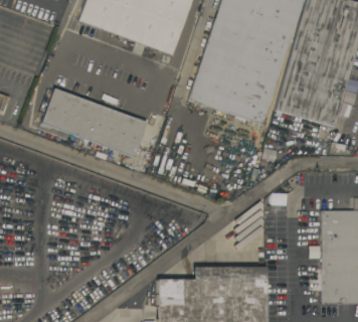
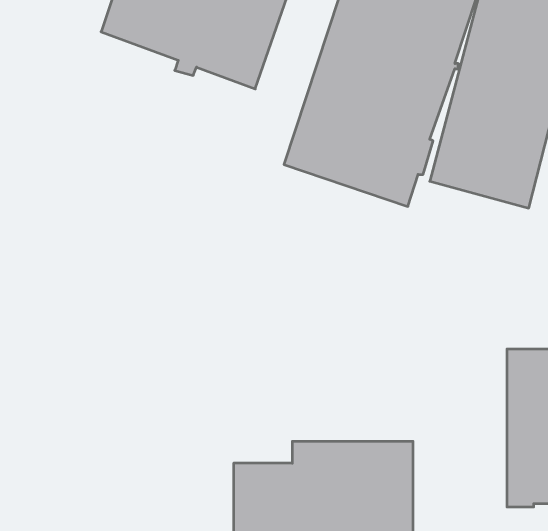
building: [40,88,147,156] -> none

